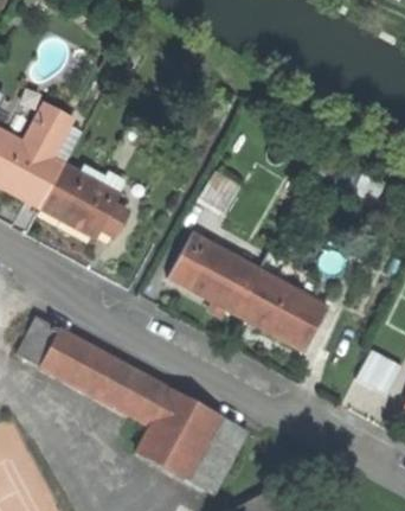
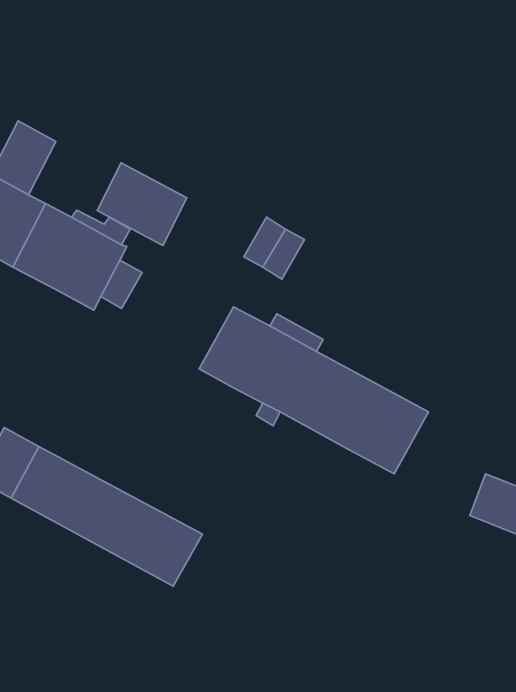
building: none -> [97,163,187,246]
building: [139,390,247,492] -> none

